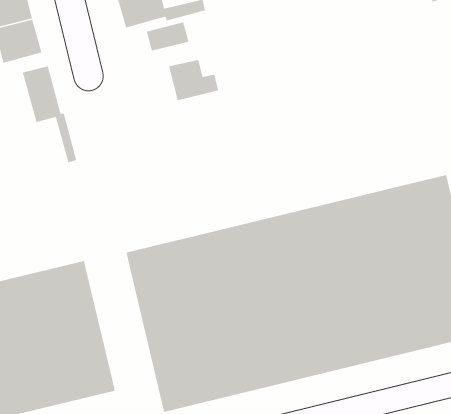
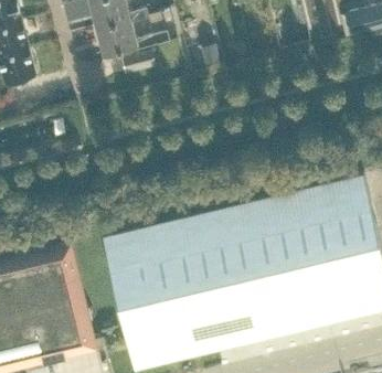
building: [168,59,219,101] -> none
building: [22,66,77,163] -> none

